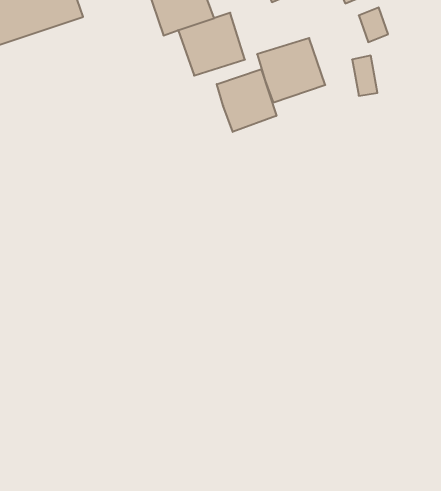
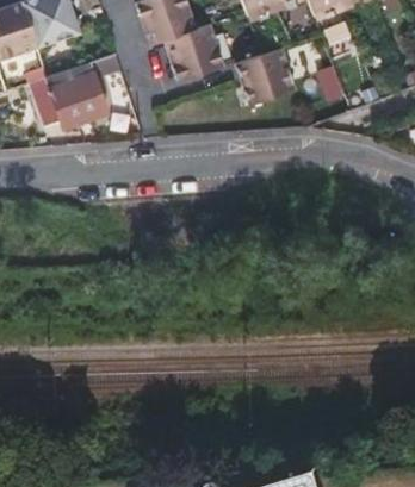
building: none -> [35,51,122,124]
building: [217,69,276,132] -> none

